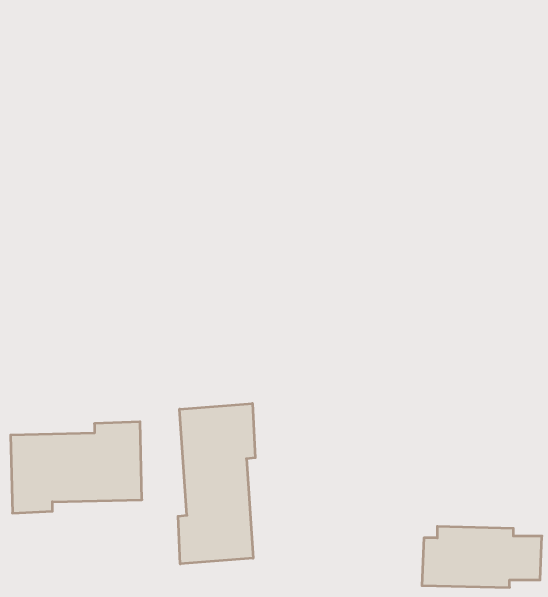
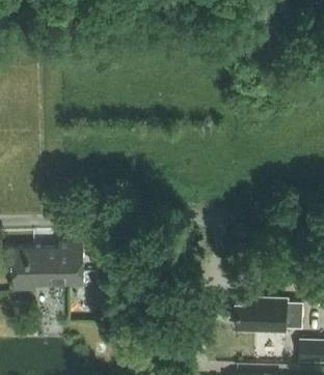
building: [178,403,255,564] -> none

